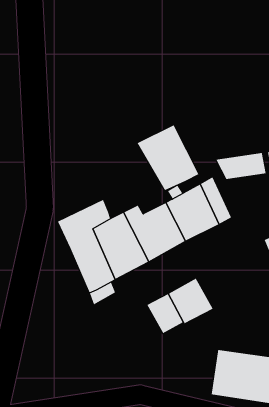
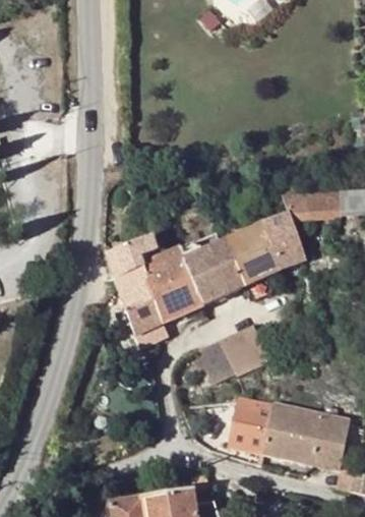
building: [137,125,199,191] -> none
building: none -> [231,397,275,453]

